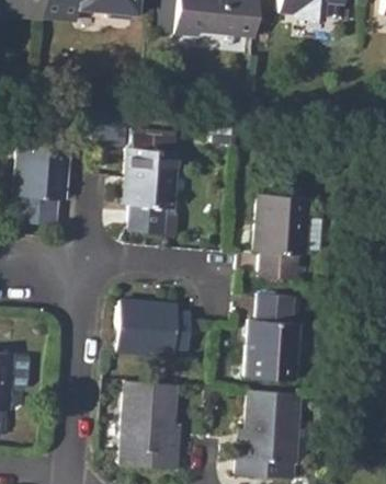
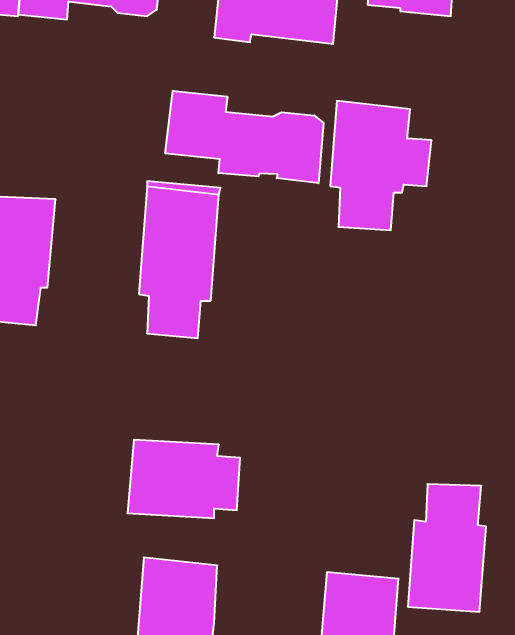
building: none -> [165,91,324,183]
building: [256,194,323,280] -> [330,101,432,230]
building: [246,295,298,380] -> [408,484,486,612]

